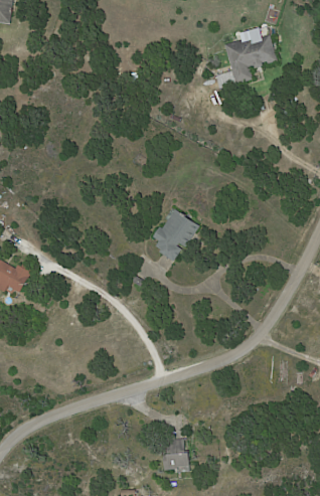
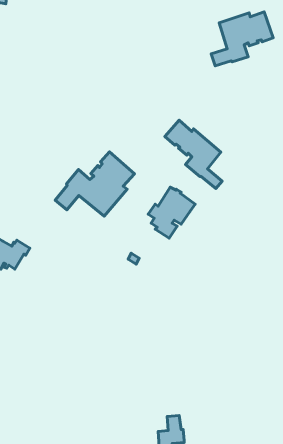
building: none -> [165,120,222,189]
building: none -> [55,152,134,216]

